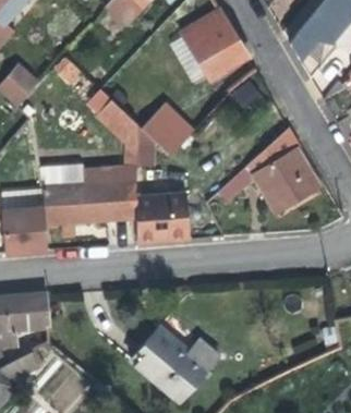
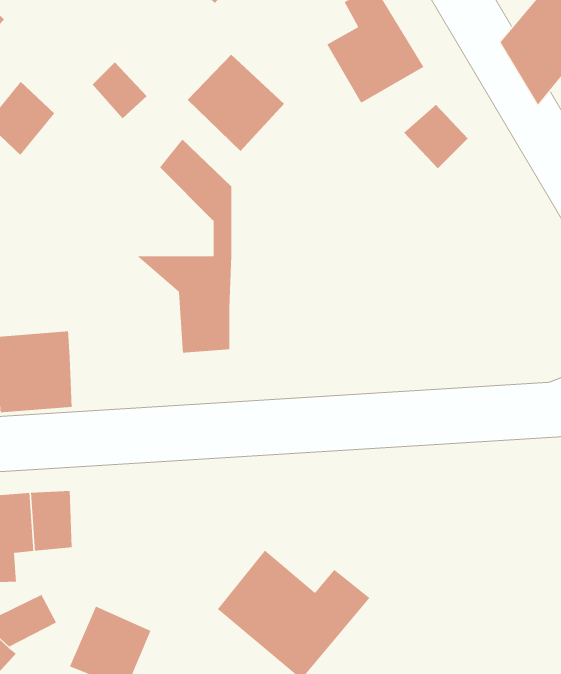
building: [140,101,195,157] -> [187,54,285,152]
building: [221,129,319,215] -> none
building: [44,165,109,222] -> none
building: [135,194,190,244] -> none

